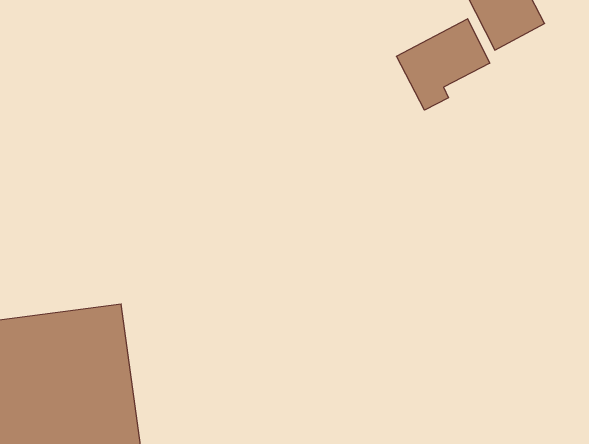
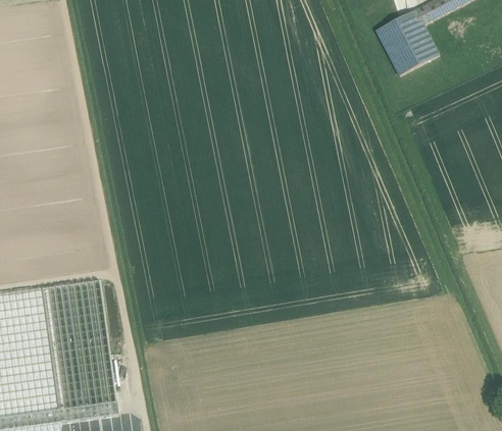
building: [396,19,490,110] -> none

